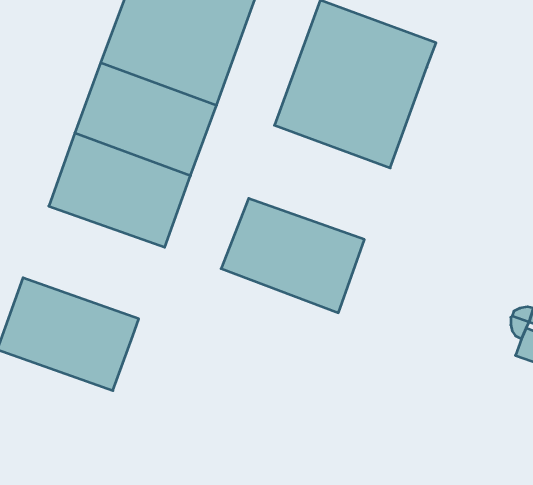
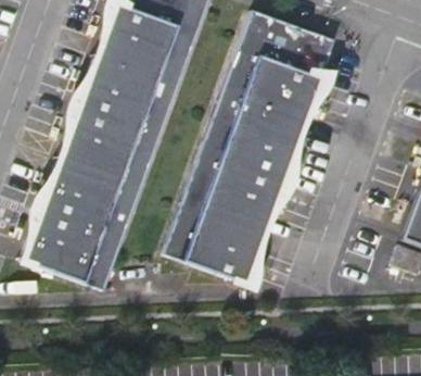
building: none -> [202,100,303,181]
building: none -> [41,158,142,238]
building: none -> [164,202,266,285]

